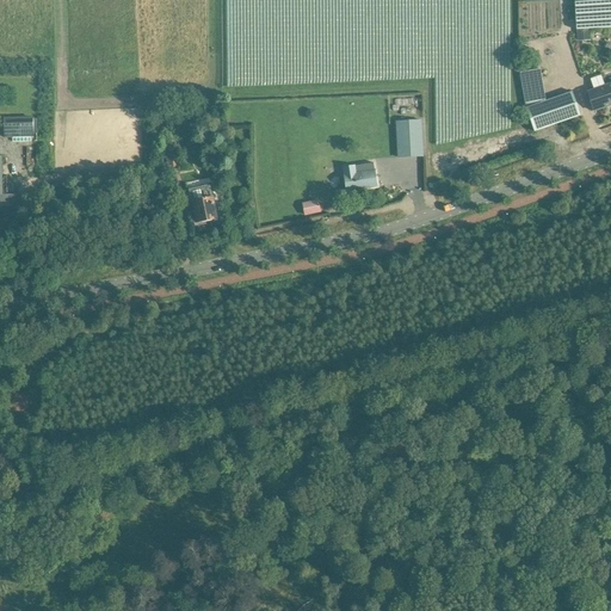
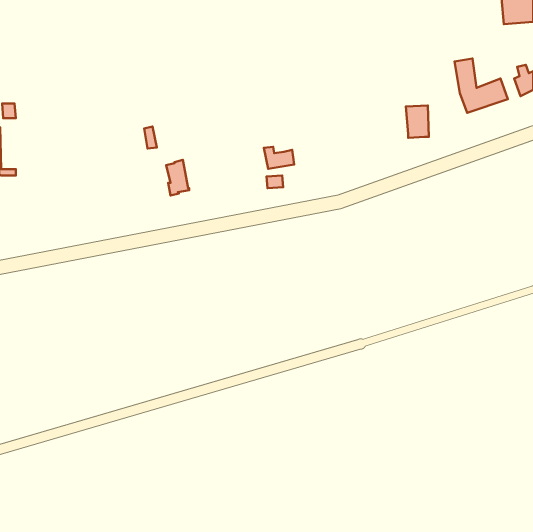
building: [395,118,421,155] -> [406,106,429,138]
building: [341,165,376,190] -> [264,147,294,169]

